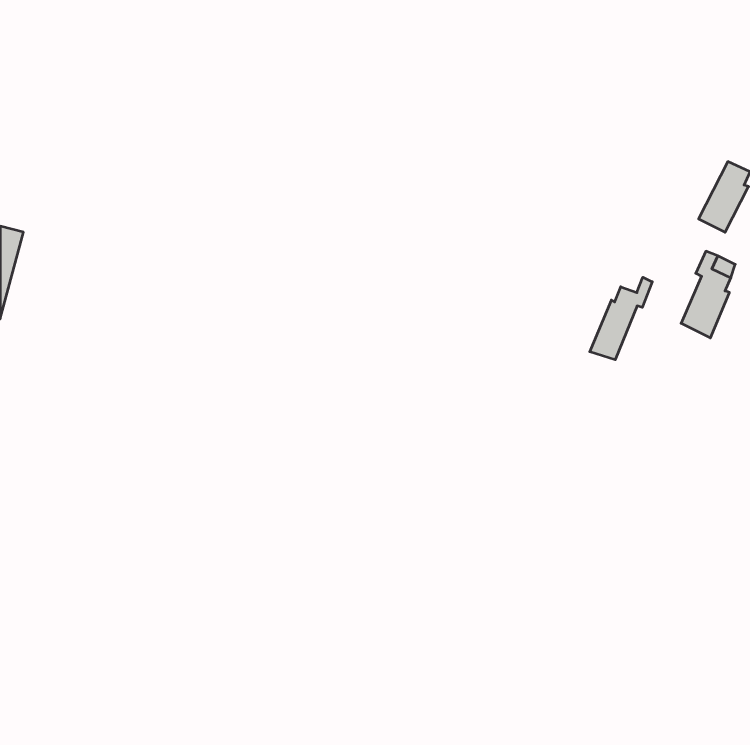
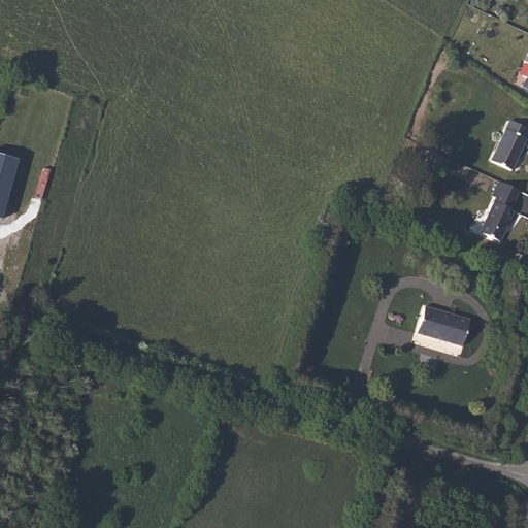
building: [590,277,652,360] -> none
building: none -> [419,307,472,348]

